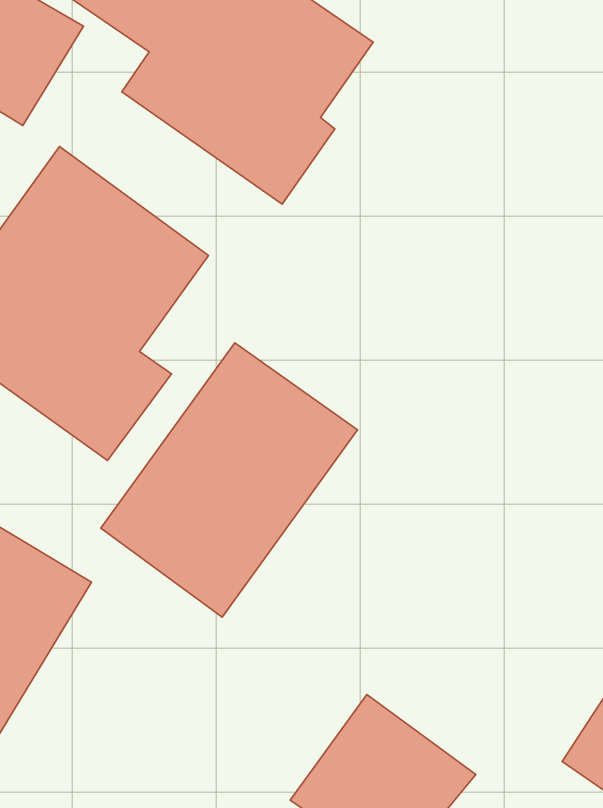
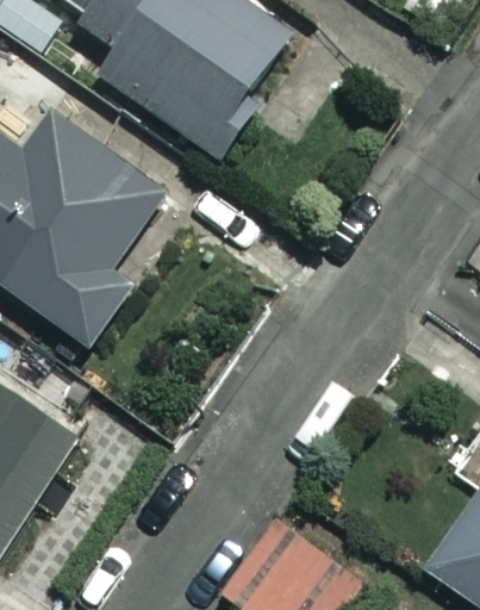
building: [101,343,357,617] -> none

